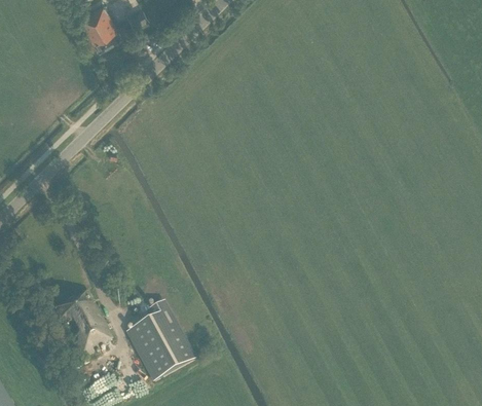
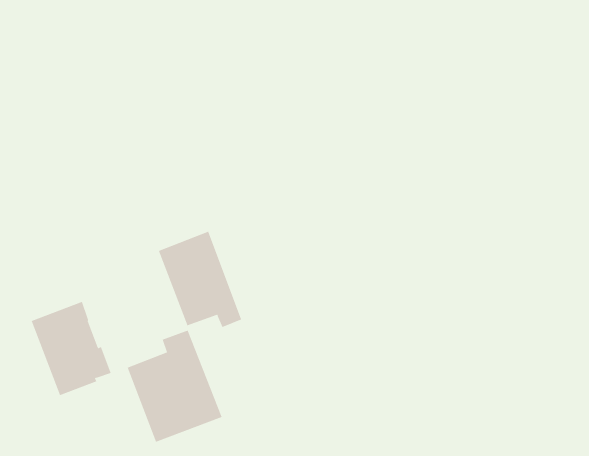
building: none -> [158,231,242,328]

